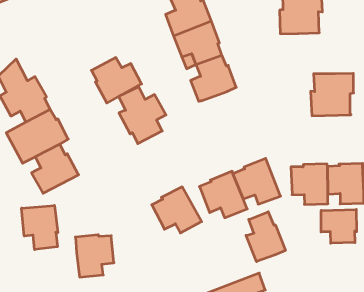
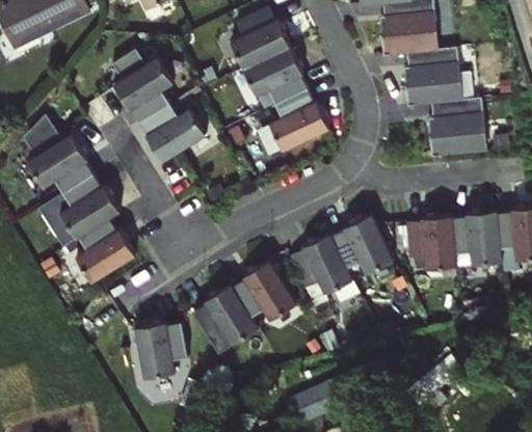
building: none -> [400,48,455,106]
building: [119,87,166,144] -> [112,48,175,120]
building: none -> [191,287,250,353]
building: [22,205,58,250] -> none
building: [321,209,357,243] -> none
building: [246,212,285,262] -> none

